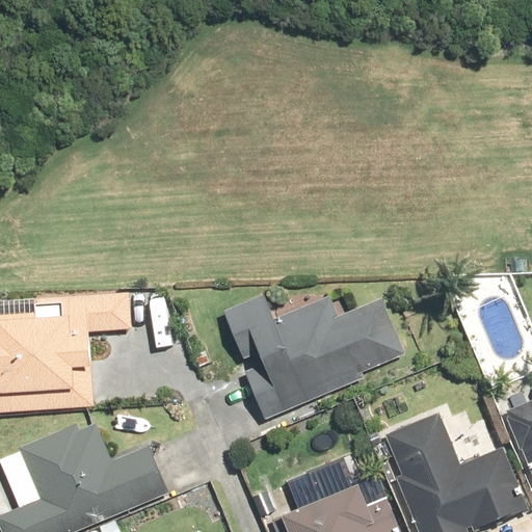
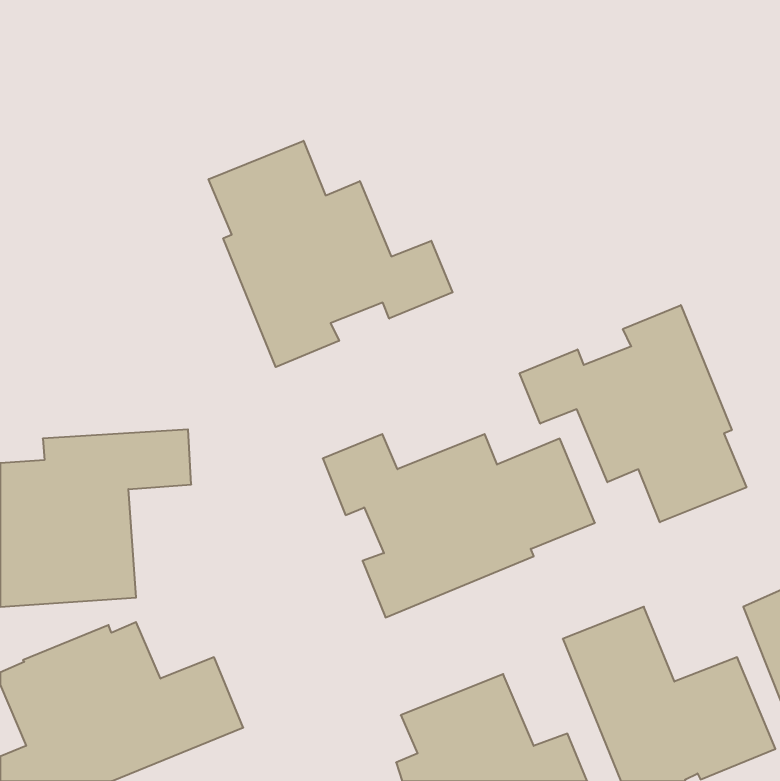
building: none -> [209,141,453,367]
building: none -> [520,305,746,522]

